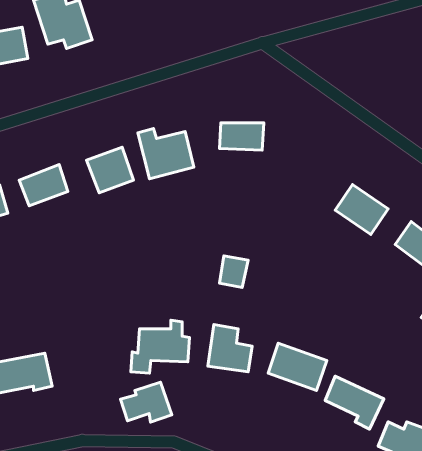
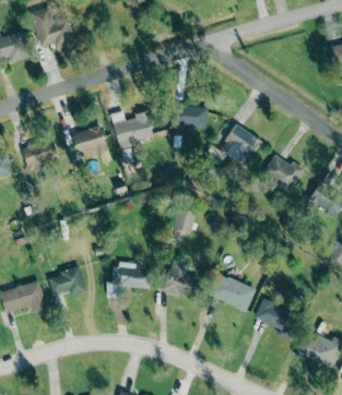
building: none -> [220,125,261,166]
building: [120,382,172,422] -> [48,266,87,297]

